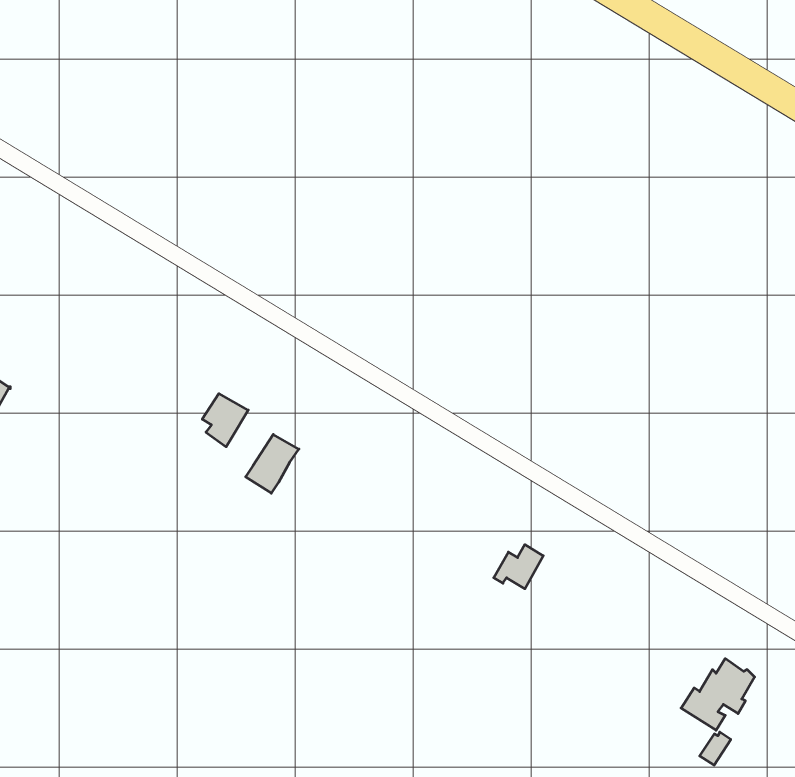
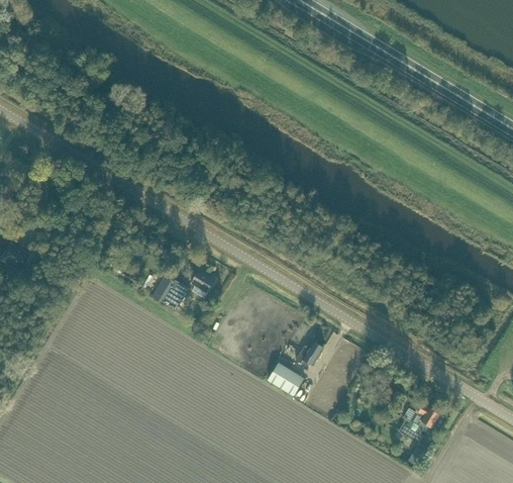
building: [202,394,248,447] -> [190,268,215,297]
building: none -> [268,362,304,394]

